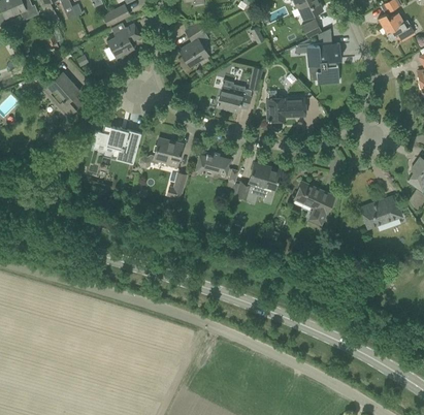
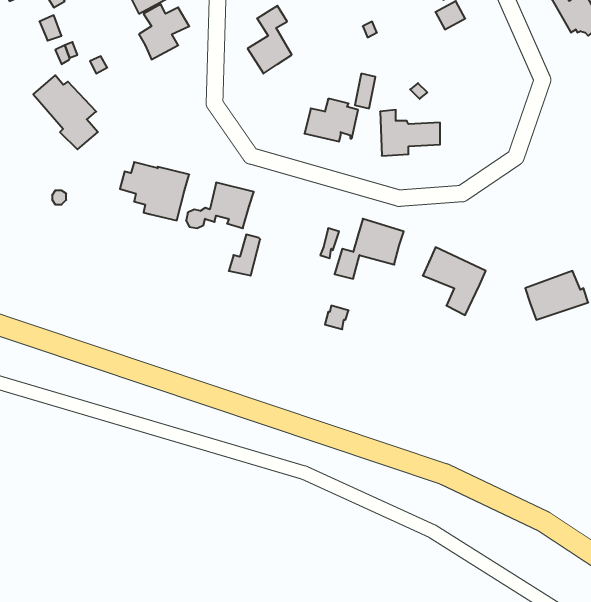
building: [306,43,340,84] -> none
building: [195,152,230,174] -> none

